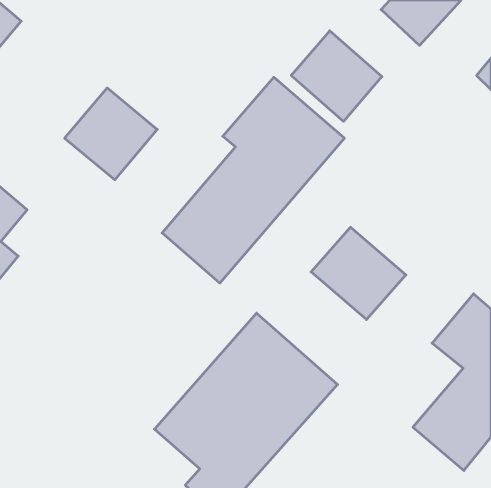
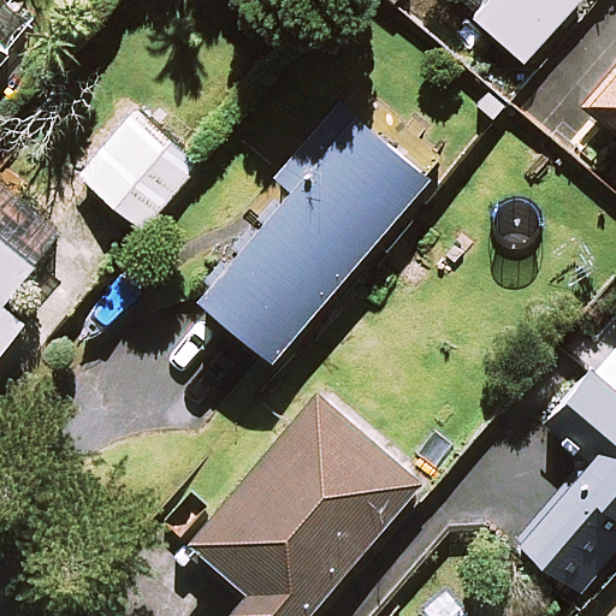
building: [291,31,382,121] -> none
building: [311,227,406,320] -> none

